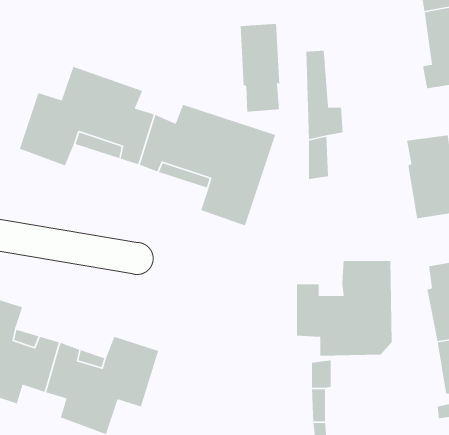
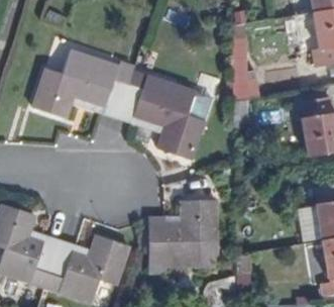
building: [240,23,280,112] -> none
building: [296,260,393,357] -> [150,200,217,267]

